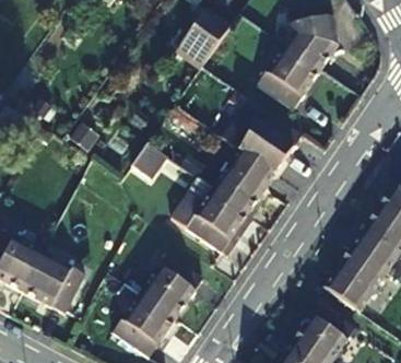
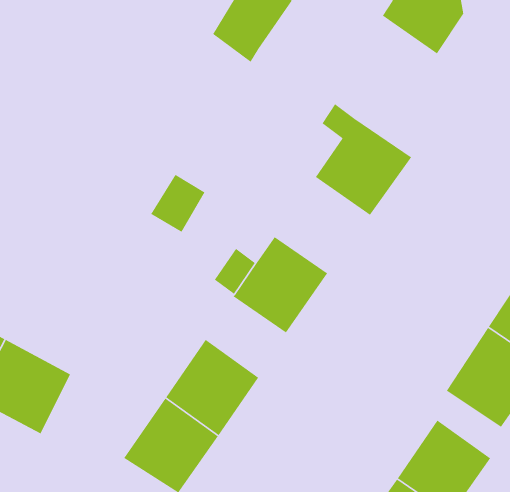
building: [257,42,319,104] -> none
building: [213,147,275,209] -> none

